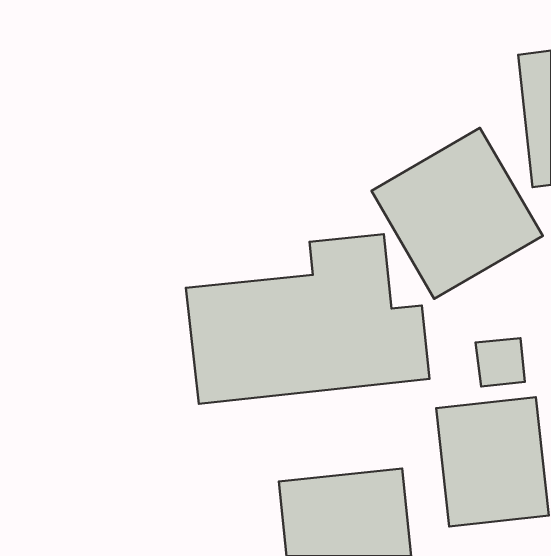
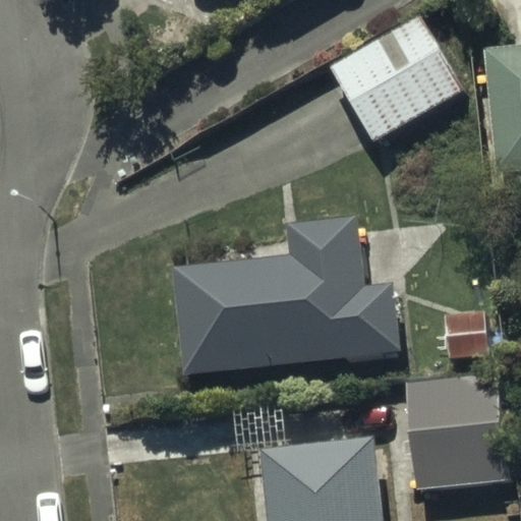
building: none -> [330,16,461,142]
building: [371,128,543,299] -> none

